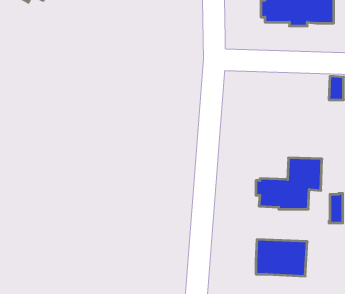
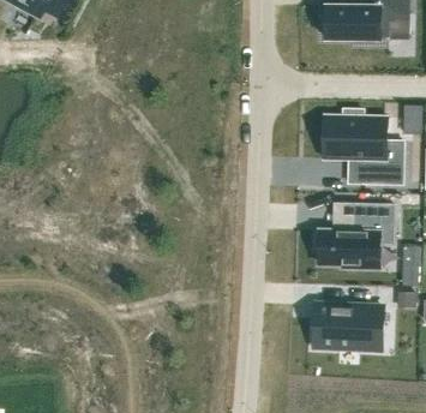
building: none -> [323,109,403,184]

